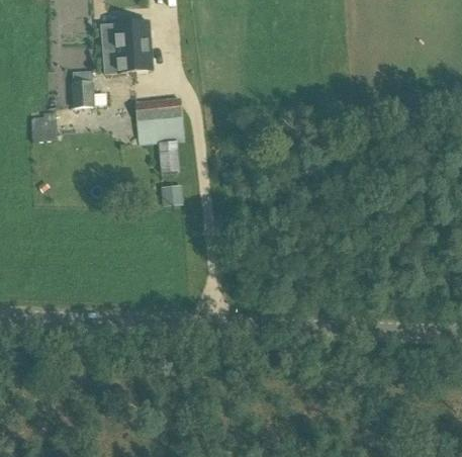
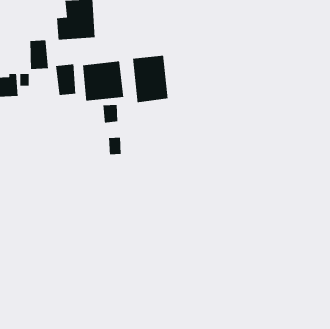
building: none -> [132,55,169,103]
building: none -> [55,63,76,96]

